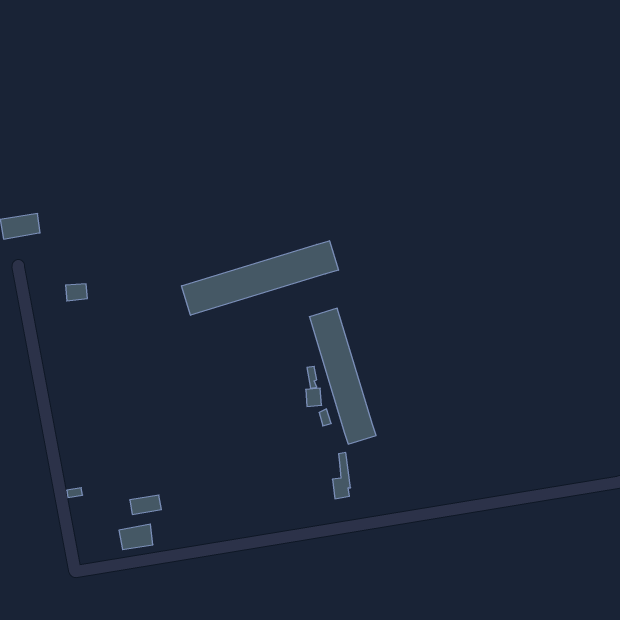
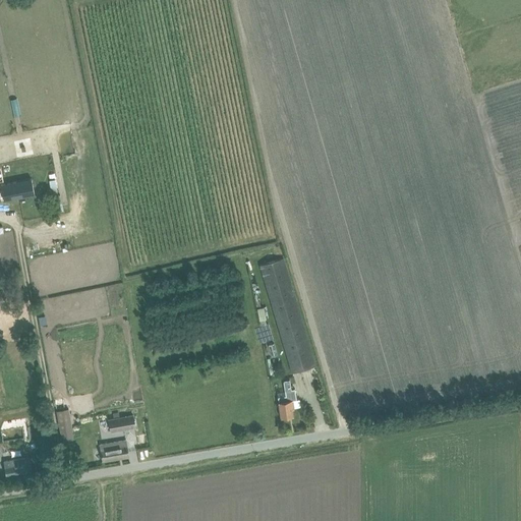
building: [182,241,338,315] -> none
building: none -> [4,458,32,477]

